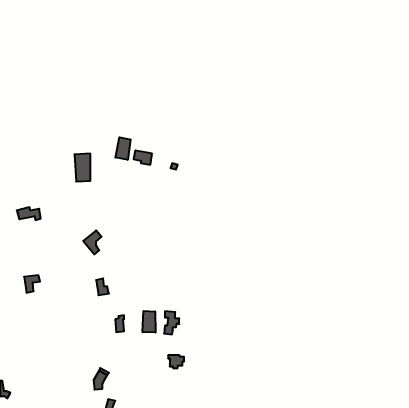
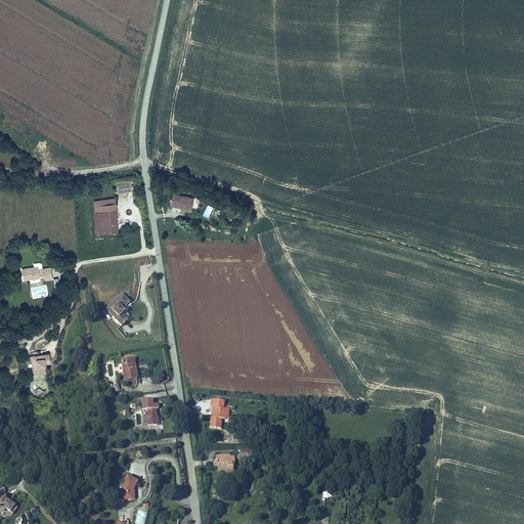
building: [115,137,131,160] -> none
building: [143,311,155,333] -> none

